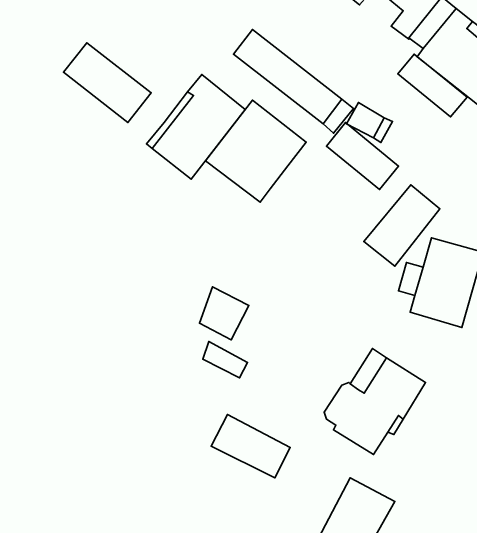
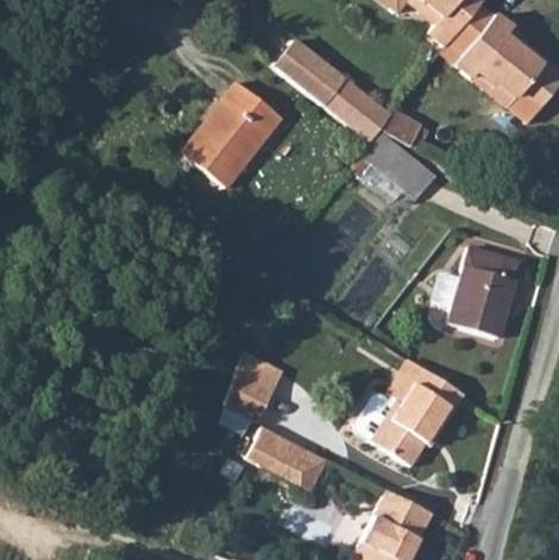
building: [63,43,151,122] -> none
building: [398,54,467,117] -> none
building: [206,100,306,202] -> none
building: [364,185,440,266] -> none
building: [199,287,249,340] -> [225,370,275,423]

